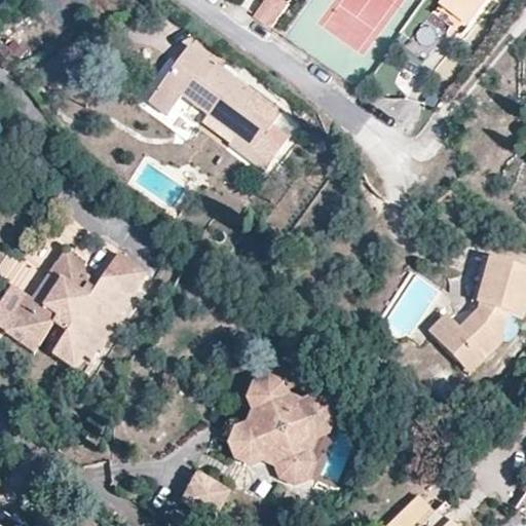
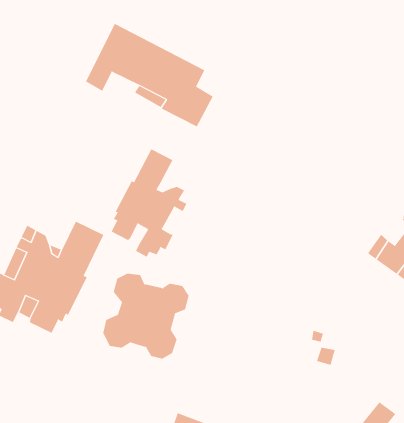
building: none -> [111,148,187,258]
building: [232,380,332,479] -> [103,273,189,359]

